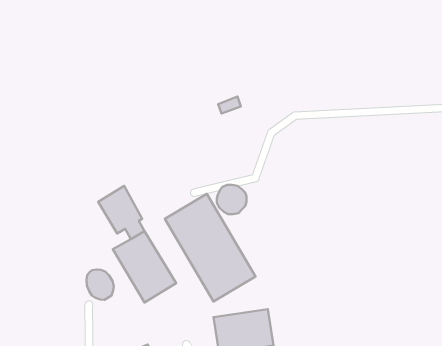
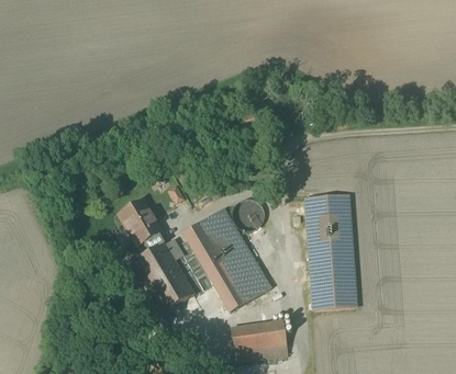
building: none -> [307,195,356,309]
building: [86,270,114,300] -> none

